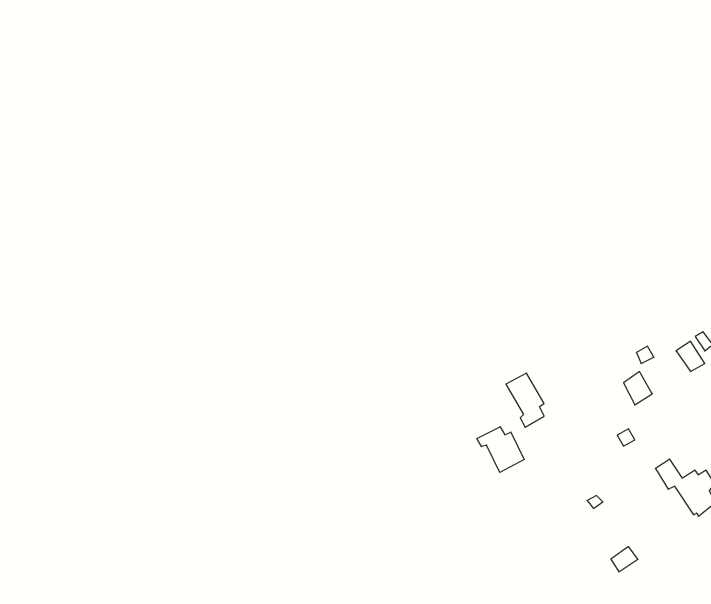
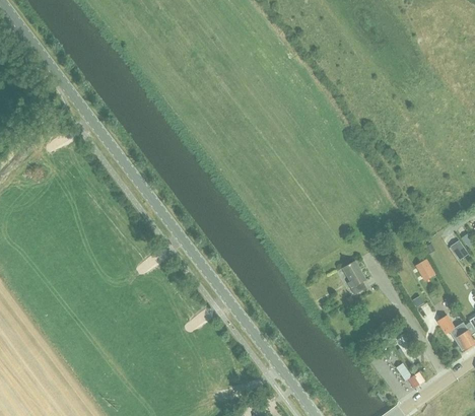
building: [477,427,524,472] -> none

